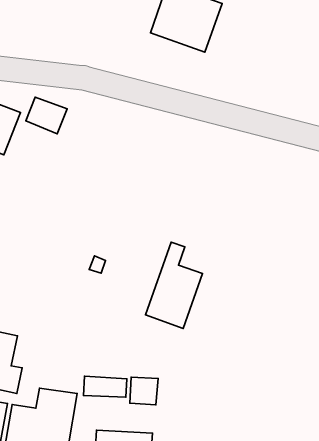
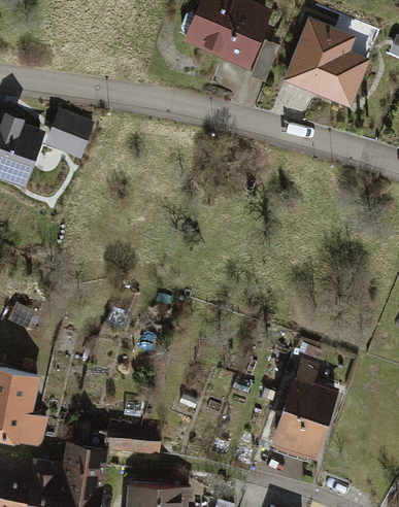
building: none -> [287,23,367,103]
building: [146,242,202,329] -> [272,357,336,453]
building: [130,377,158,405] -> none

